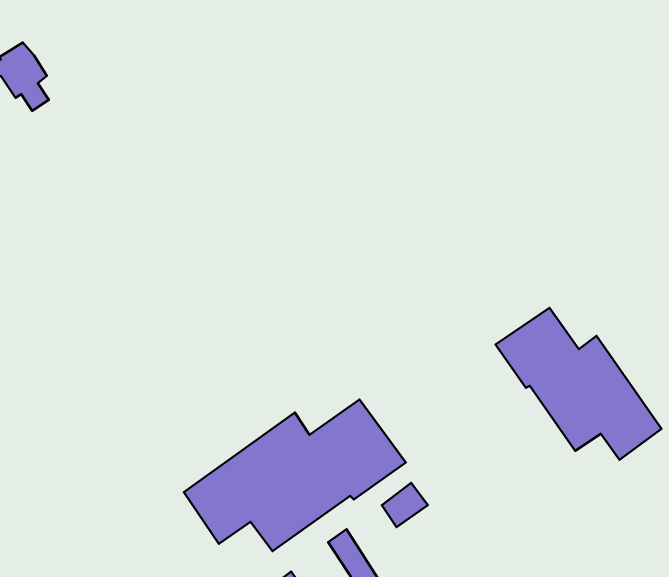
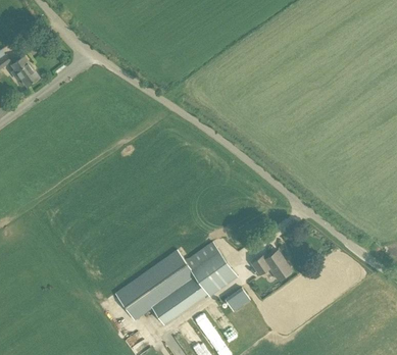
building: [495,308,661,460] -> none
building: none -> [250,250,290,281]

